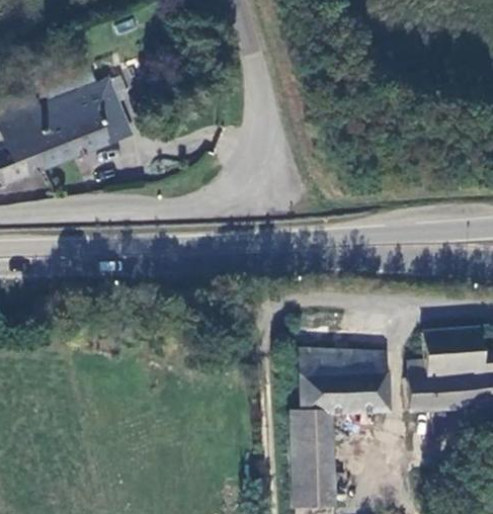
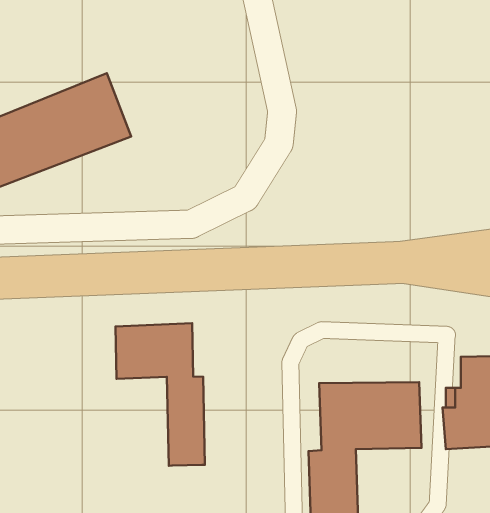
building: none -> [116,323,205,466]

